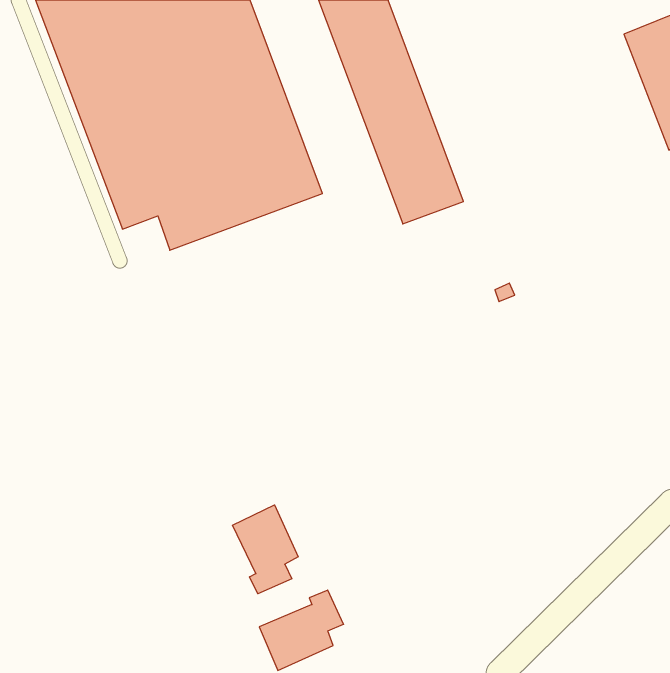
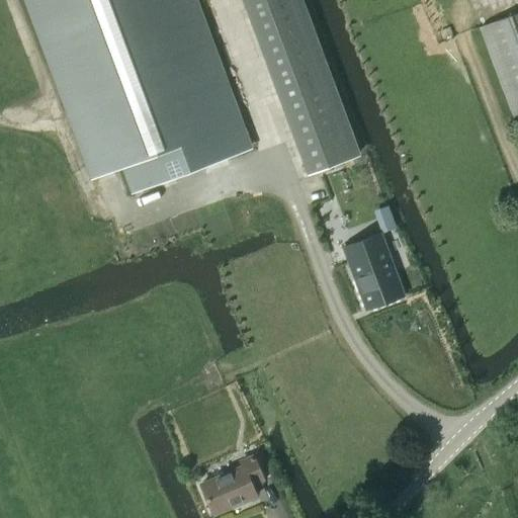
building: none -> [345,233,405,309]
building: [233,505,298,594] -> none

